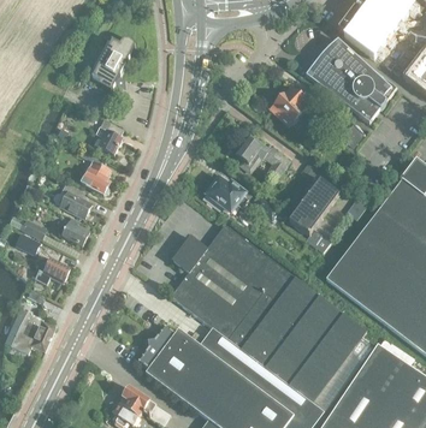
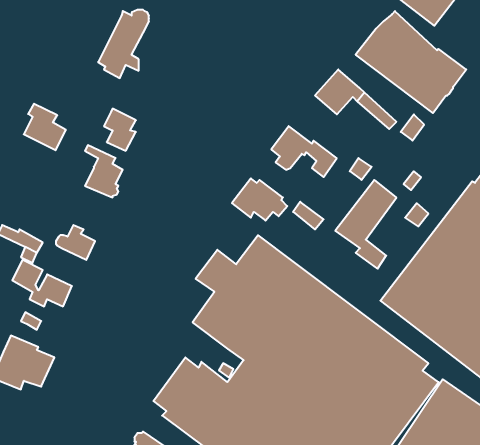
building: [58,180,93,219] -> [24,104,66,150]

